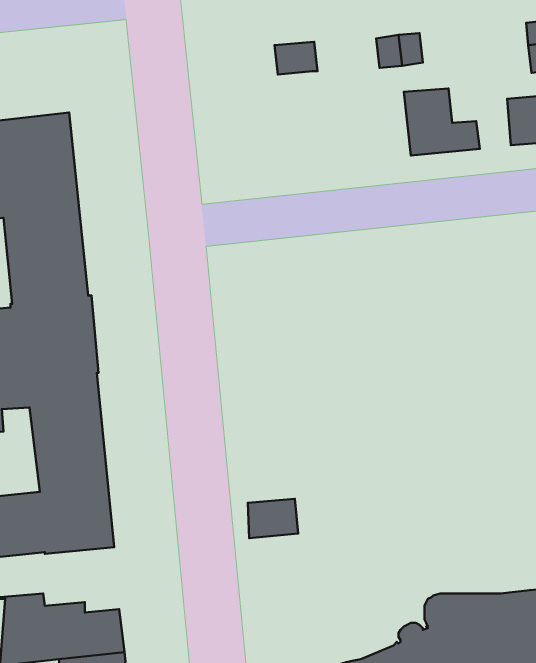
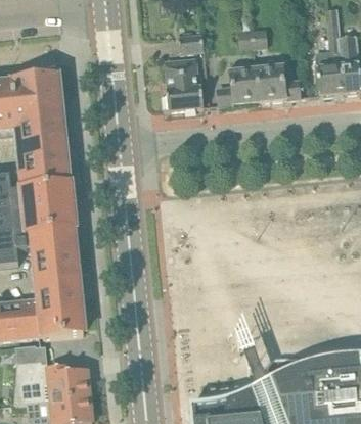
building: none -> [167,57,204,108]
building: none -> [218,61,260,103]
building: [248,499,298,538] -> none

